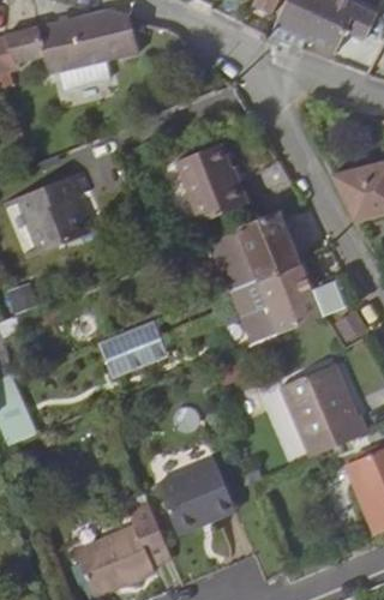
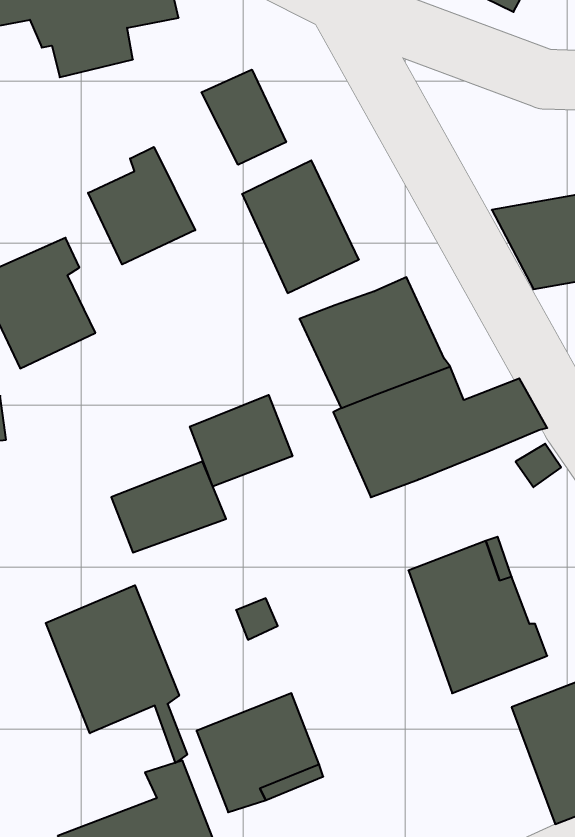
building: none -> [201,70,286,165]
building: none -> [88,147,195,264]
building: none -> [190,395,292,487]
building: none -> [46,585,187,763]

